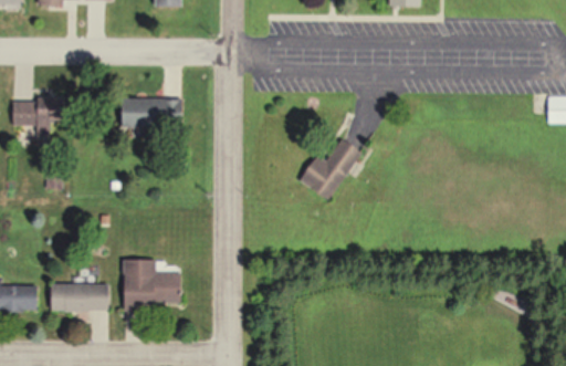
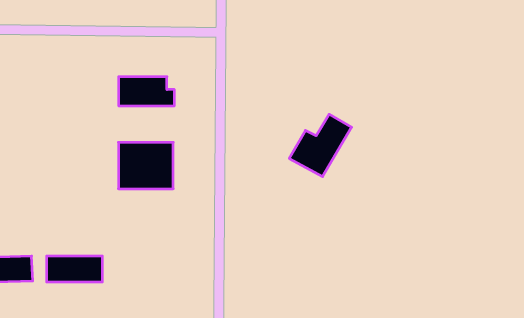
building: [10,100,65,133] -> none
building: [123,260,179,307] -> [118,142,173,189]

